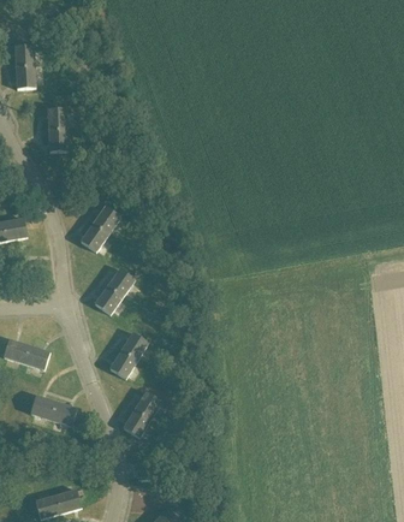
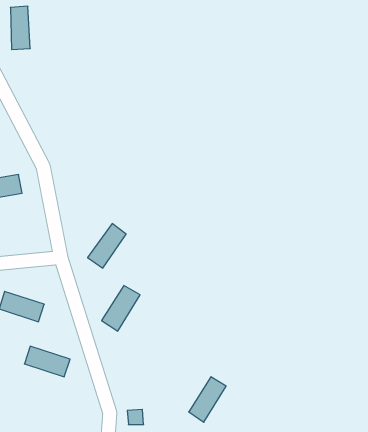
building: [47,108,67,152] -> none
building: [79,206,120,251] -> none
building: [123,391,161,438] -> [189,377,226,422]

